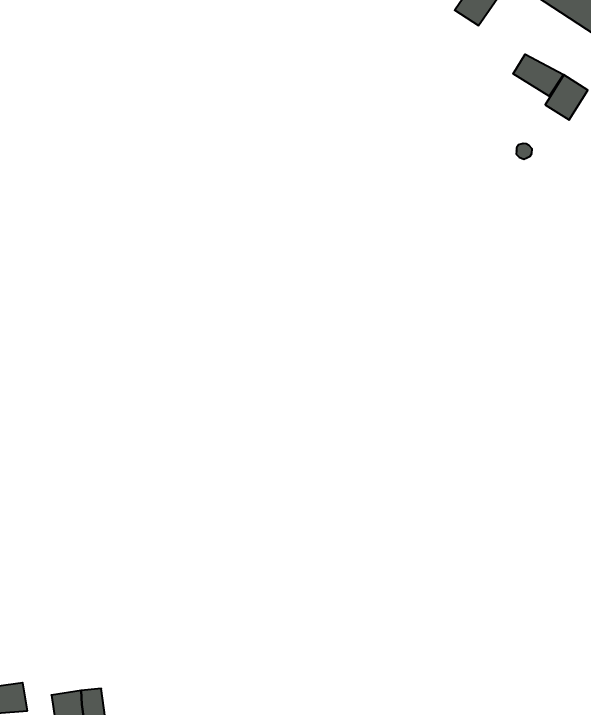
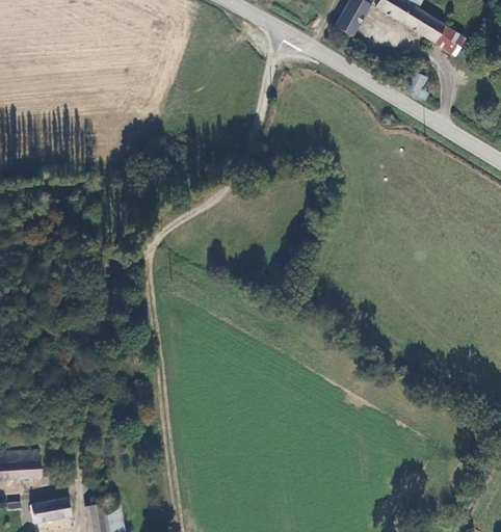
building: [513,54,563,96] -> none

